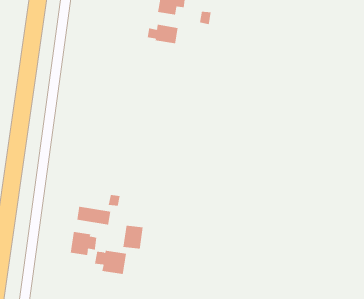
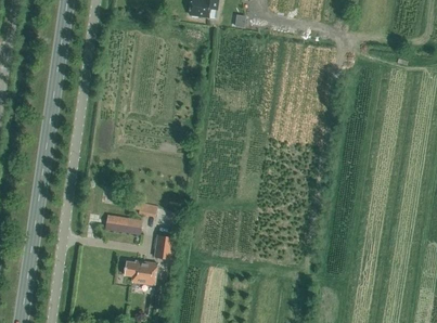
building: [147,24,178,44] -> none
building: [70,231,97,256] -> none

